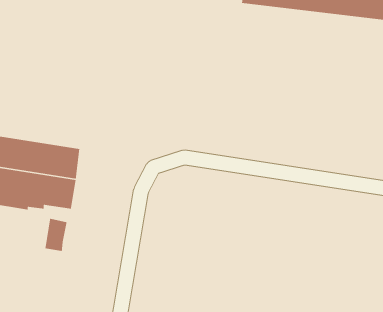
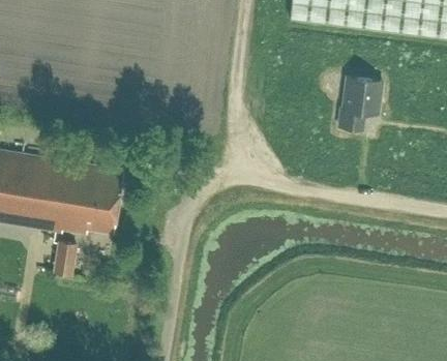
building: none -> [339,76,383,128]
building: [45,218,68,252] -> [54,240,78,275]

